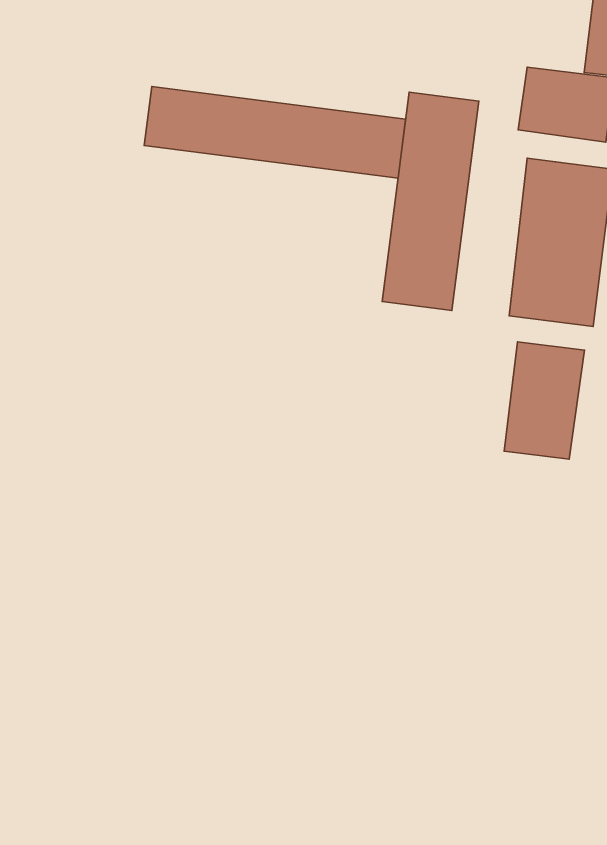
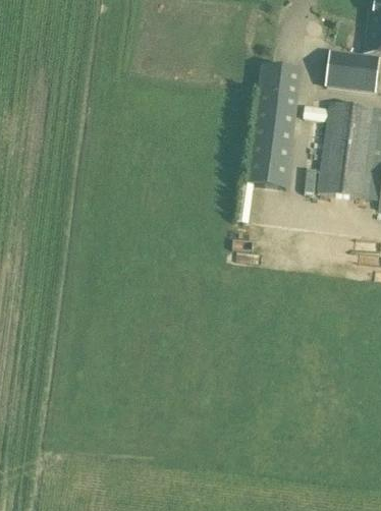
building: [144,87,406,178] -> none
building: [504,342,584,459] -> none

